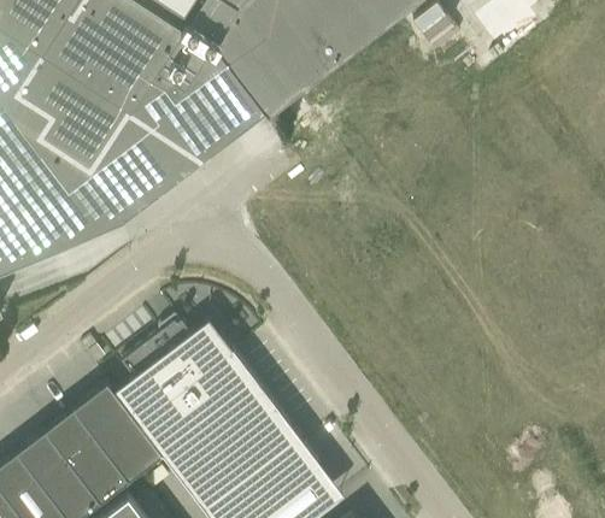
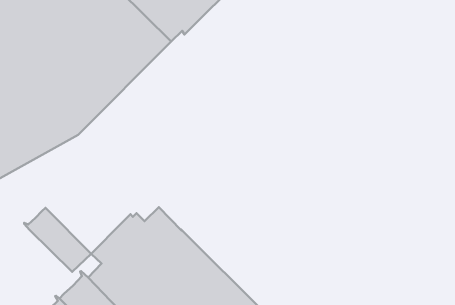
building: none -> [24,208,91,272]

